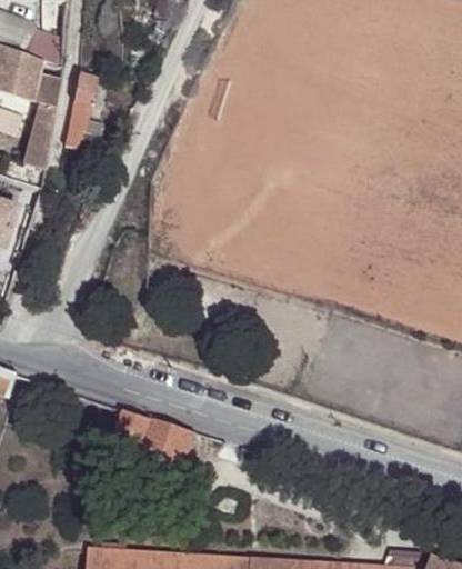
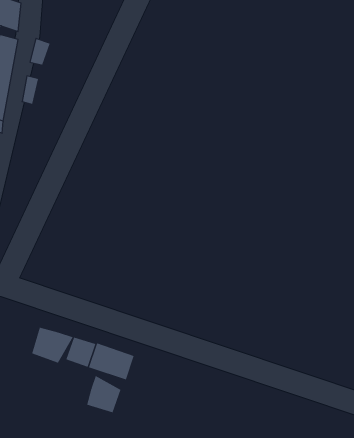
building: none -> [31,327,73,363]
building: none -> [86,375,121,413]

